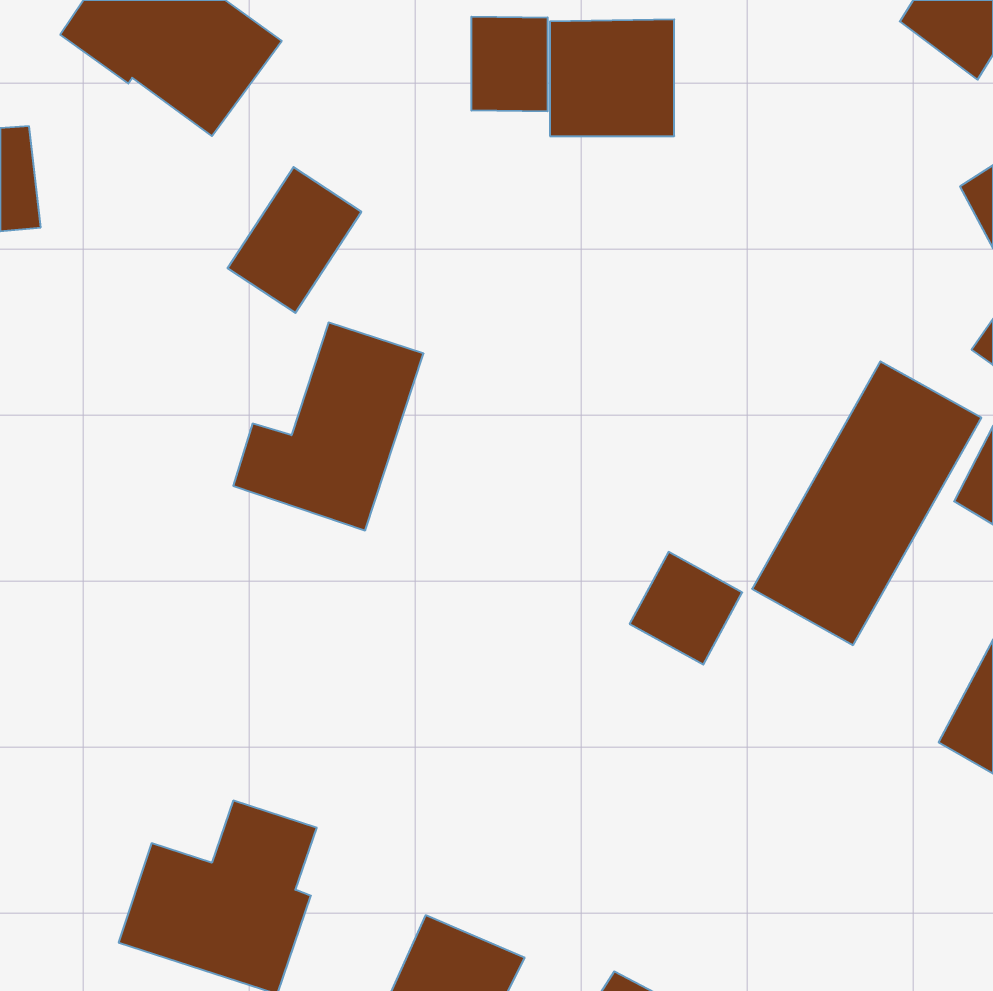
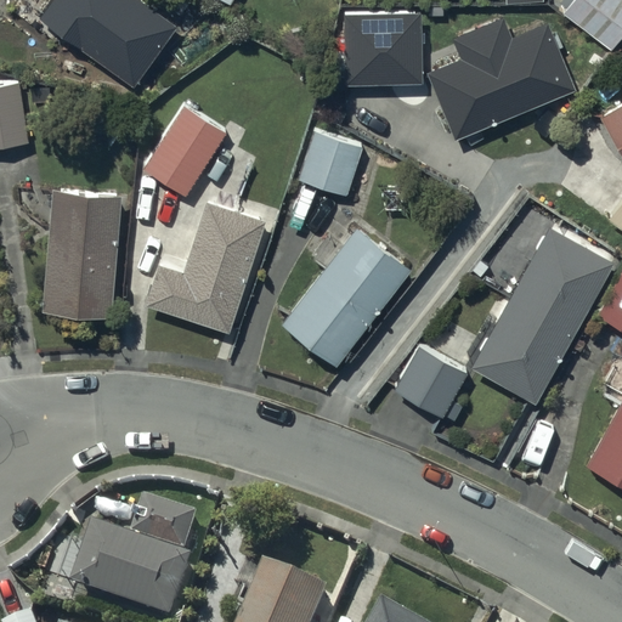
building: [471,17,548,111] -> none
building: none -> [426,18,575,141]
building: none -> [299,132,361,196]
building: none -> [43,191,120,317]
building: none -> [283,230,411,366]

